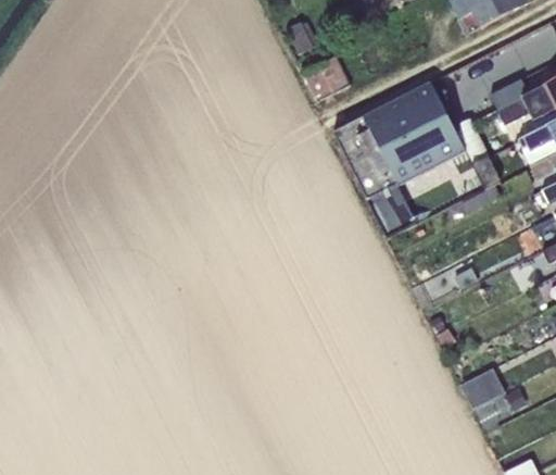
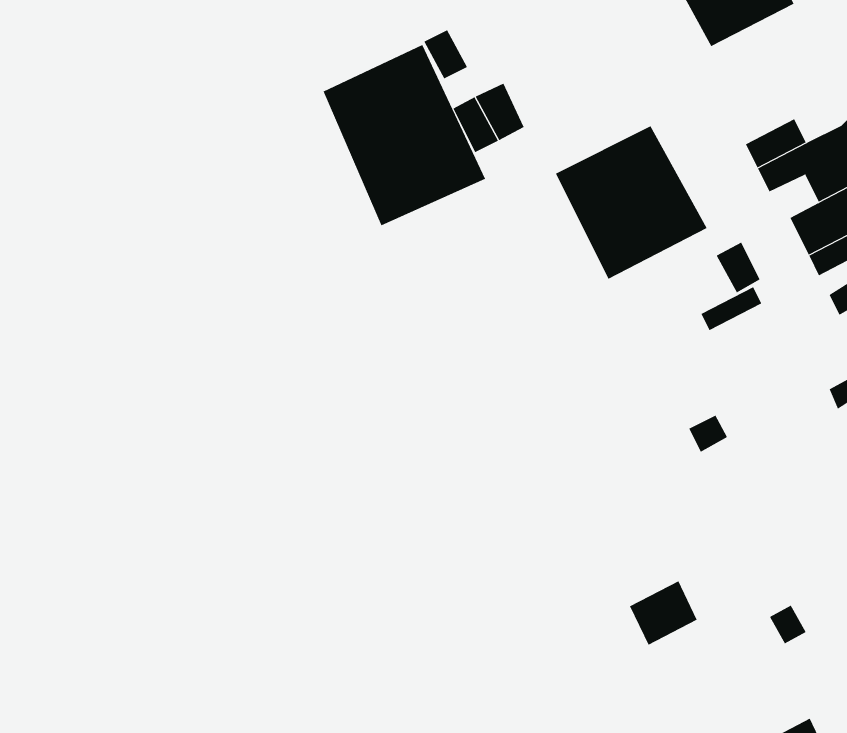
building: none -> [323,44,486,226]
building: [333,112,417,237] -> none
building: [462,366,505,408] -> [629,580,698,646]

